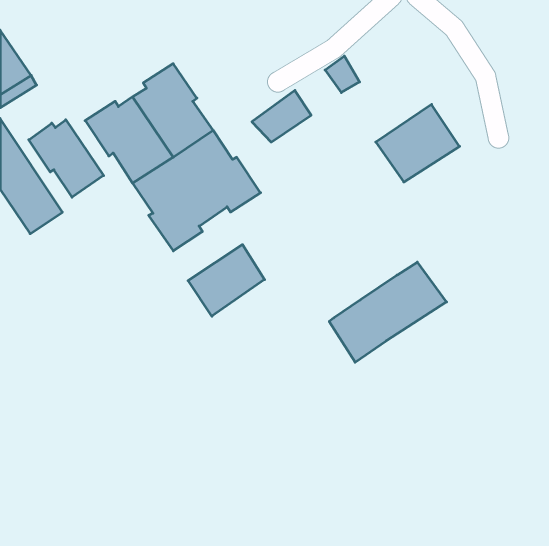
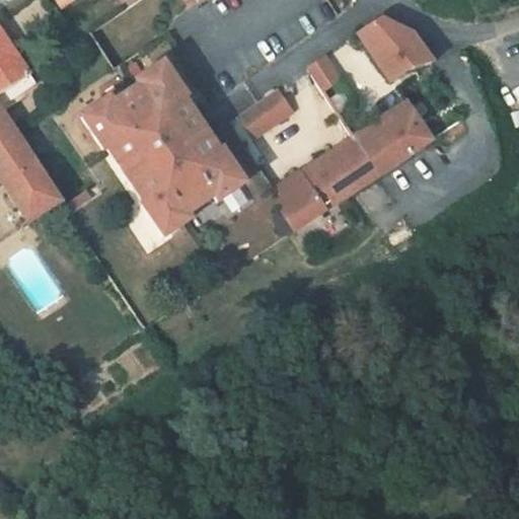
building: none -> [358,16,433,80]
building: [29,120,104,197] -> none
building: [188,245,265,316] -> none
building: [329,262,447,362] -> [271,134,381,228]

